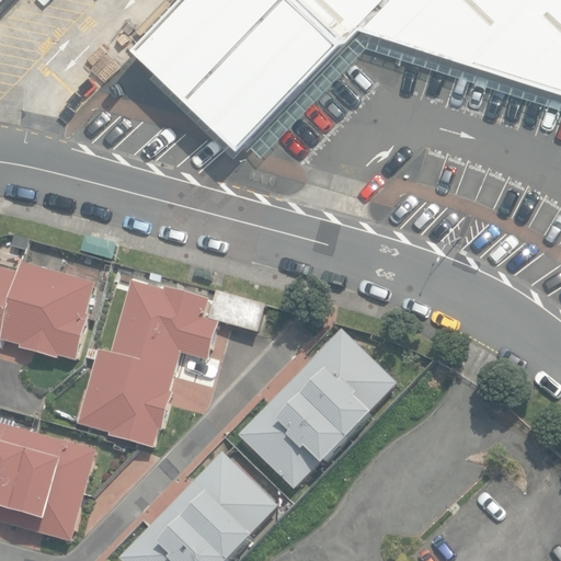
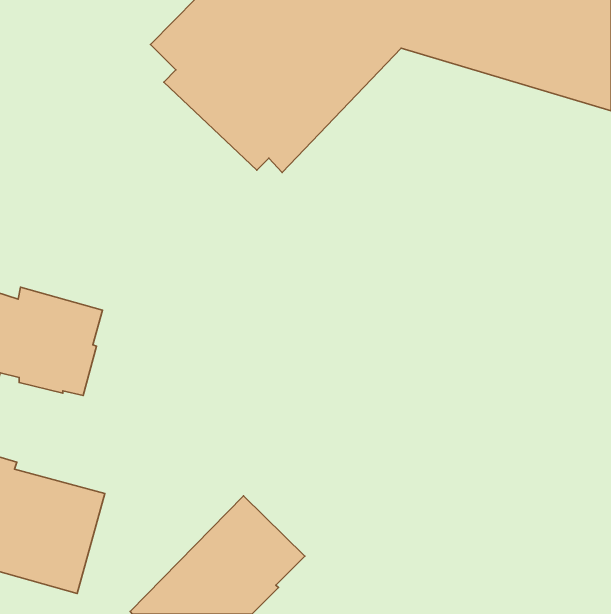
building: [76,280,217,447] -> none
building: [238,329,397,486] -> none

